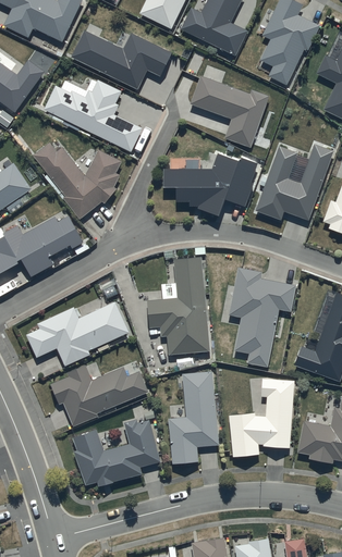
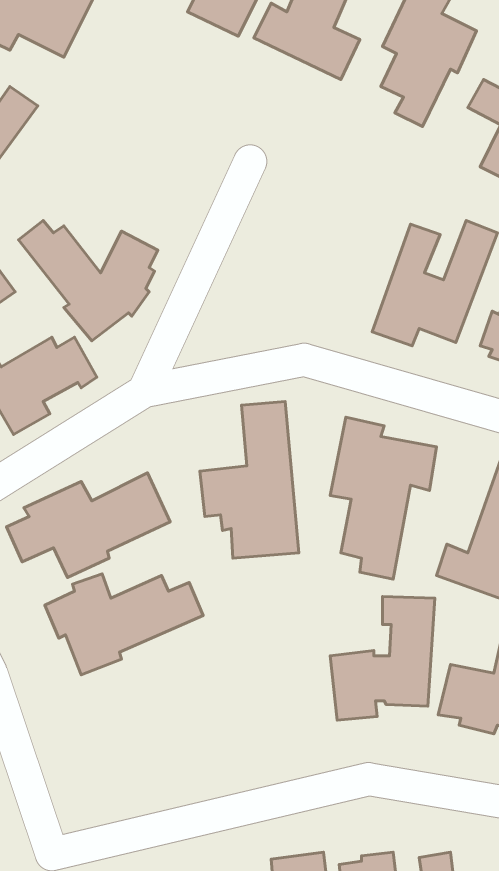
building: [70,30,171,89] -> none
building: [190,75,269,147] -> none
building: [44,79,142,152] -> none
building: [163,153,257,215] -> none
building: [167,371,219,465] -> none
building: [73,419,159,487] -> none

